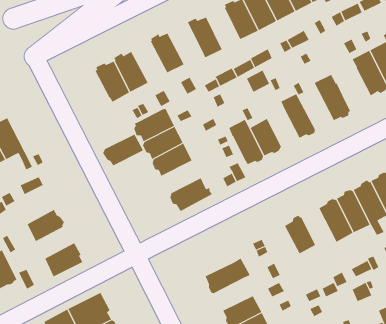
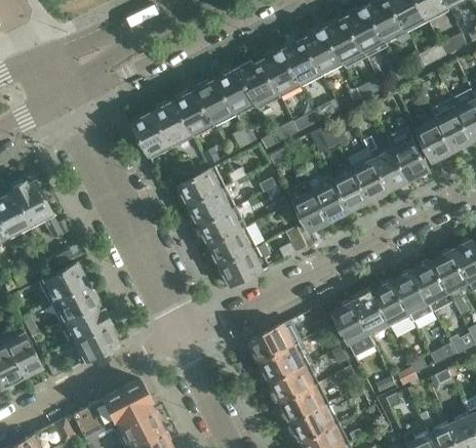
building: none -> [261,50,301,98]
building: none -> [216,67,257,116]
building: none -> [174,89,215,137]
building: none -> [414,119,452,163]
building: none -> [371,148,409,192]
building: none -> [332,168,369,212]
building: [102,134,144,166] -> [207,228,255,266]
building: none -> [40,263,86,301]
building: none -> [372,282,412,332]
building: none -> [332,302,374,358]
building: none -> [46,304,108,341]
building: none -> [249,321,301,362]
building: none -> [270,364,316,402]

